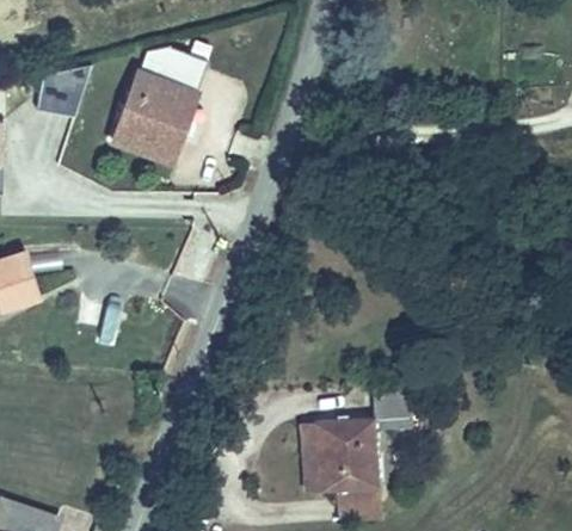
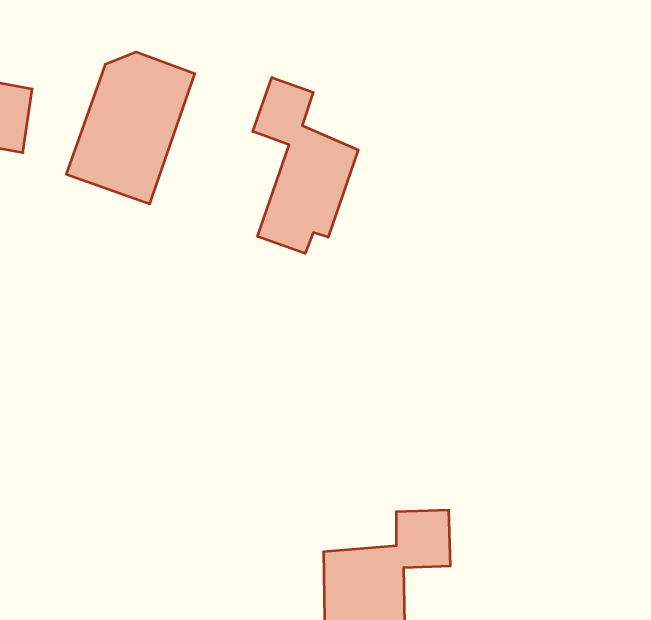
building: none -> [253,77,358,253]

